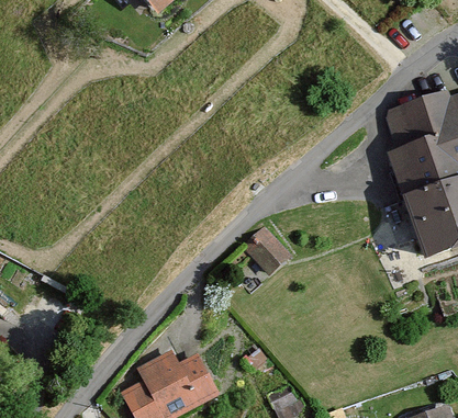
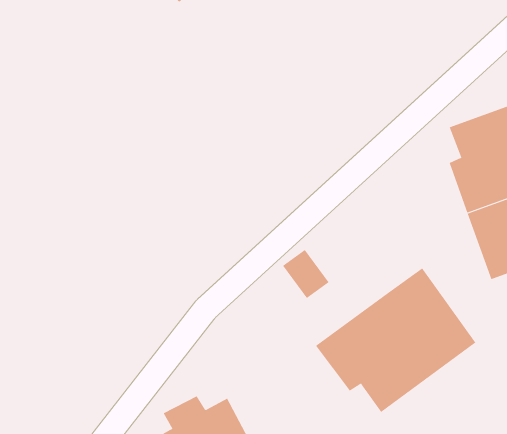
building: none -> [315,268,476,413]

